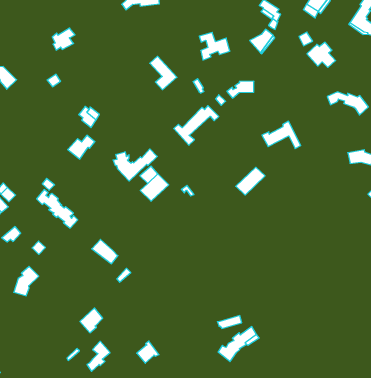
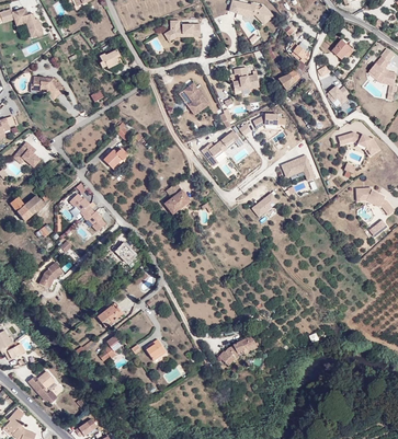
building: [113,149,157,181] -> none

